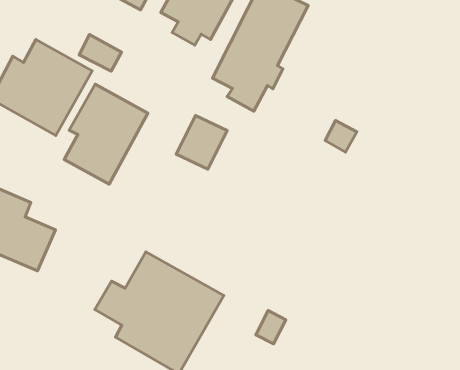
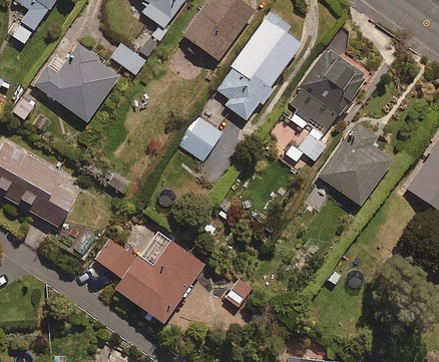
building: none -> [292,51,366,129]
building: [64,84,148,184] -> none
building: none -> [319,122,391,205]

